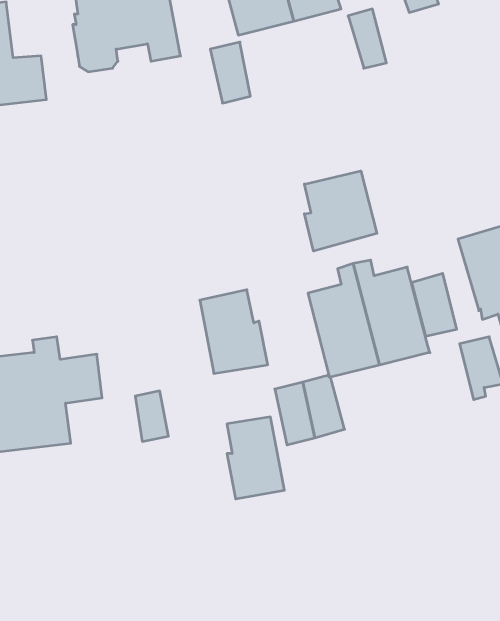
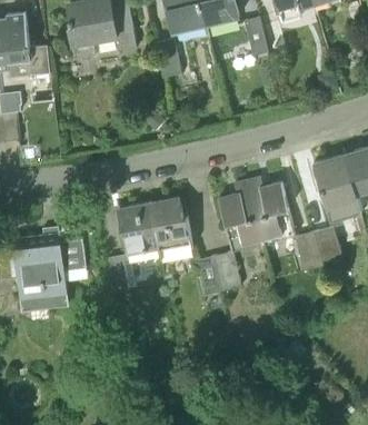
building: [304,171,377,251] -> none
building: [411,273,457,336] -> [295,230,324,270]
building: [227,417,284,499] -> [121,202,158,255]

